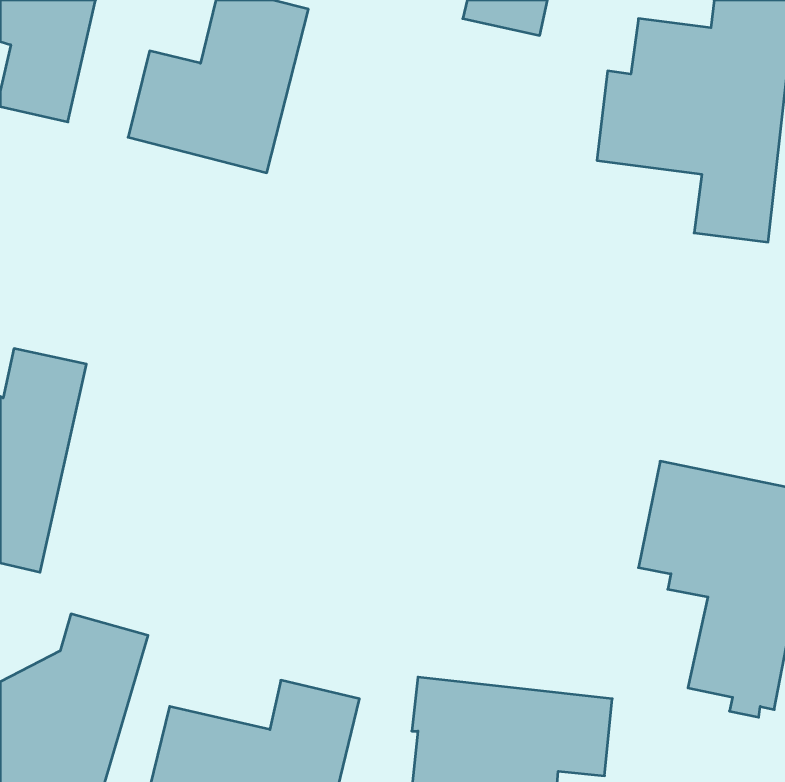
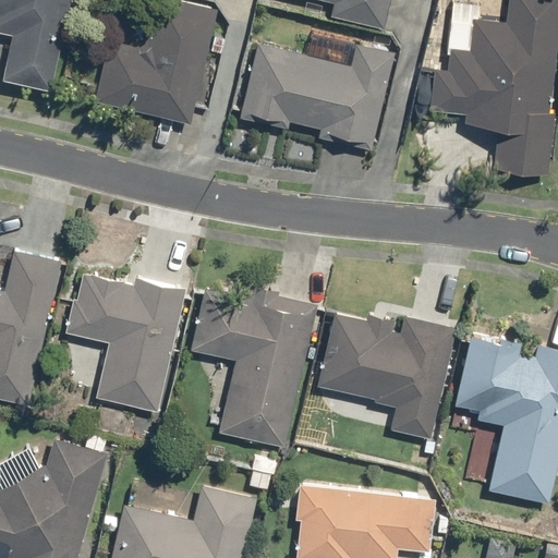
building: none -> [239,43,396,150]
building: none -> [63,270,185,413]
building: none -> [189,288,316,449]
building: none -> [316,312,457,440]

